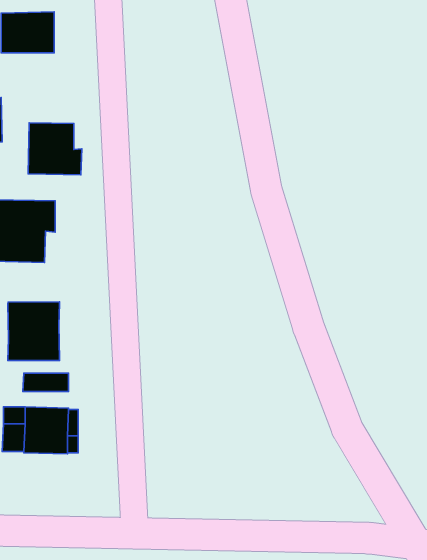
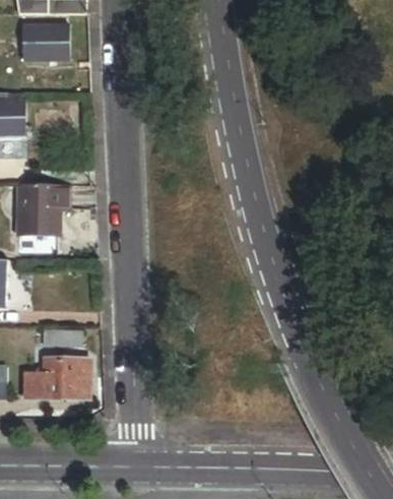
building: [28,123,82,175] -> none
building: [8,302,60,360] -> none

